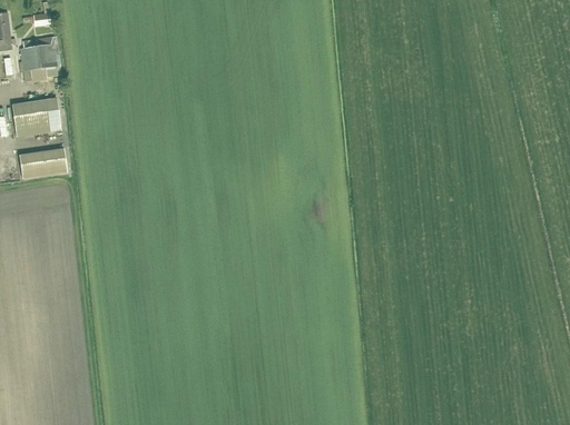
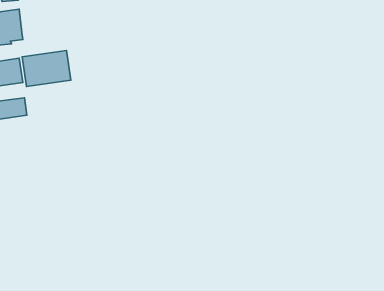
building: none -> [22,50,71,87]

